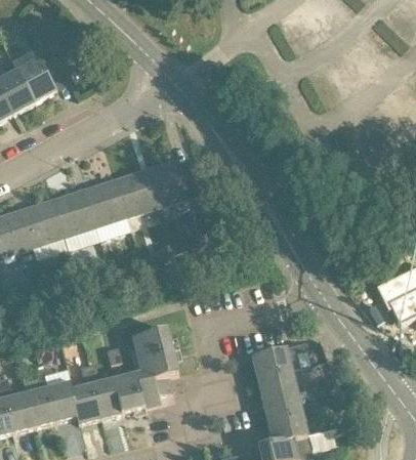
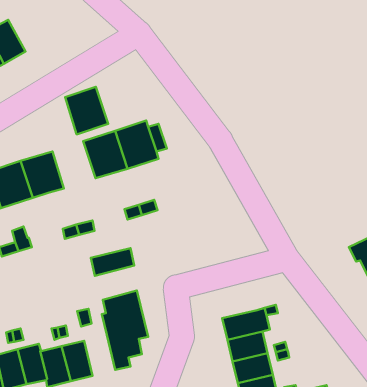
building: [82,179,125,226] -> [65,87,108,134]
building: none -> [91,248,134,276]
building: [114,372,144,413] -> none

